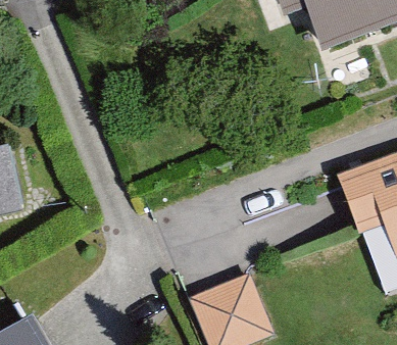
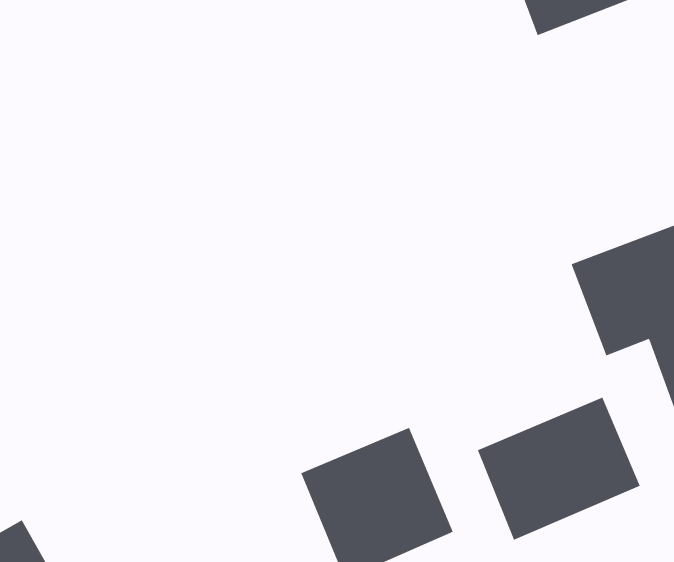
building: none -> [477,396,641,541]

